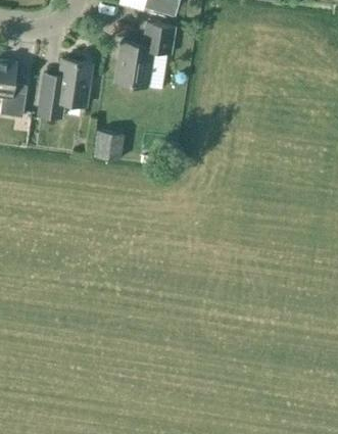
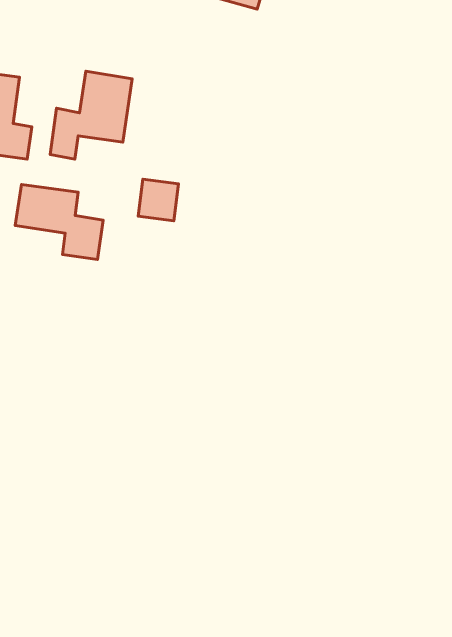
building: [114,29,174,87] -> none
building: none -> [15,185,103,259]

